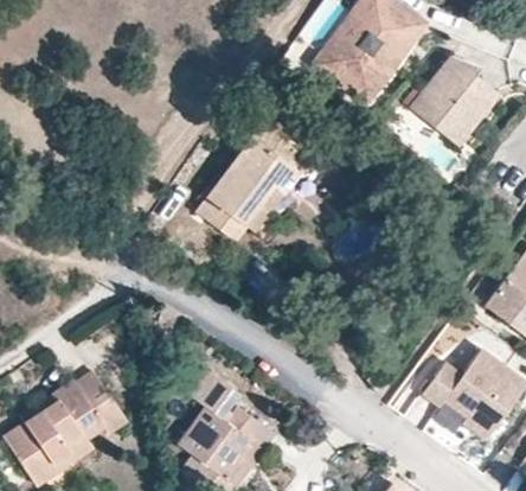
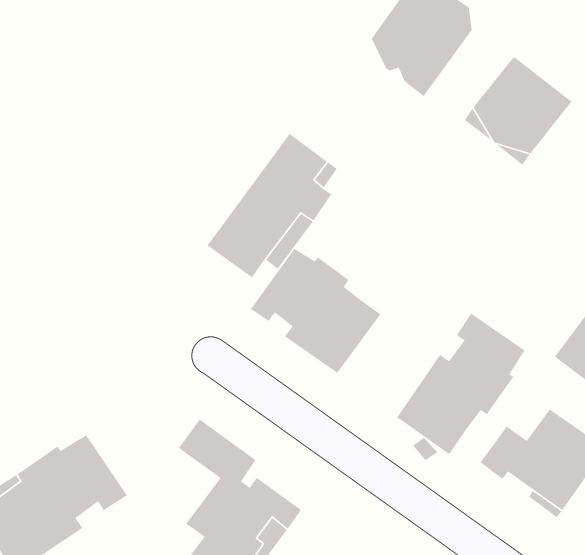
building: [316,40,377,101] -> none
building: none -> [250,248,382,374]
building: none -> [396,313,526,455]

